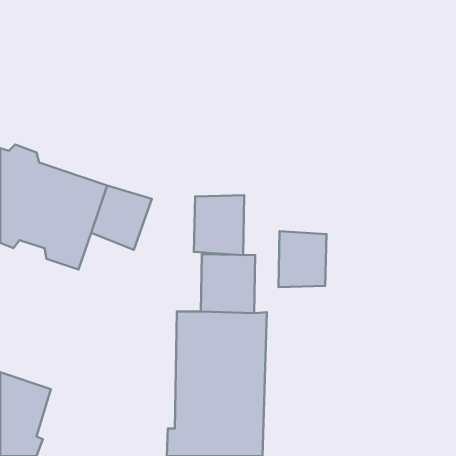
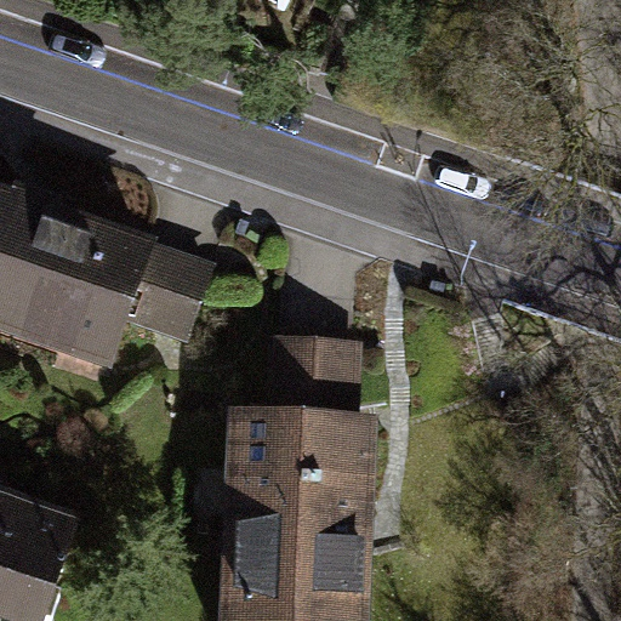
building: [194,195,244,255] -> none
building: [278,231,326,287] -> none

